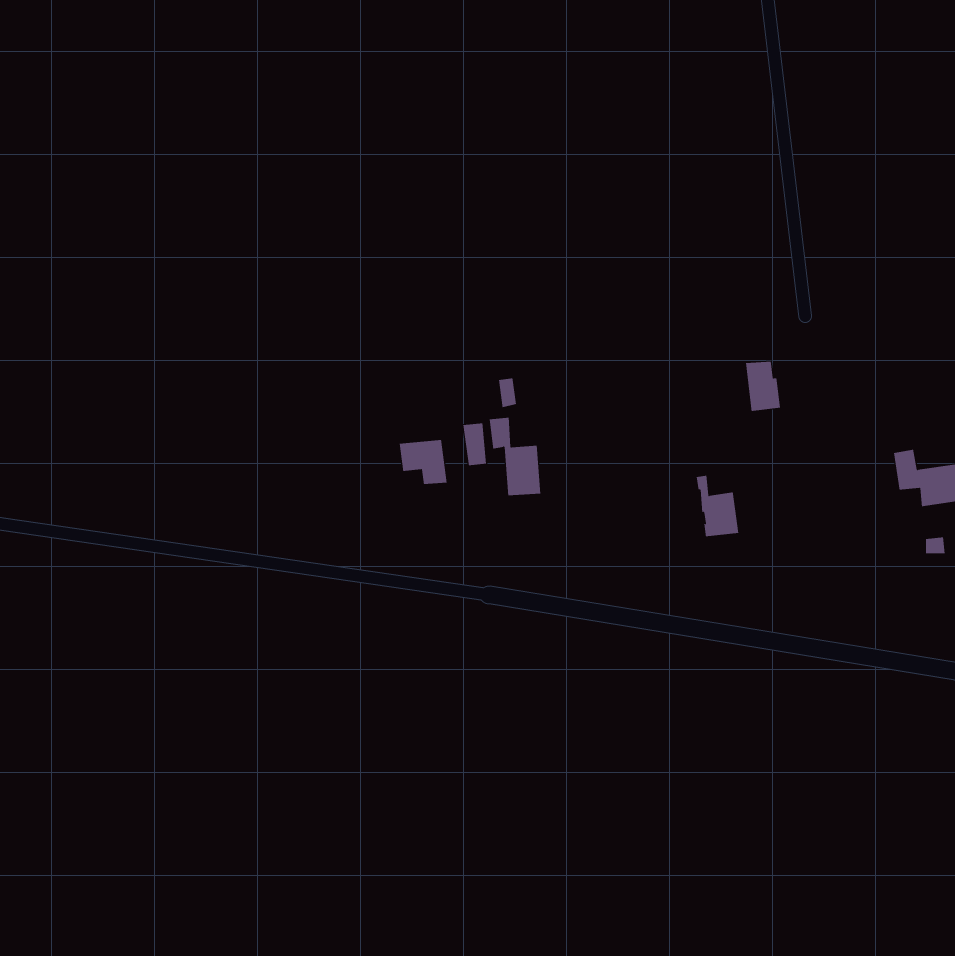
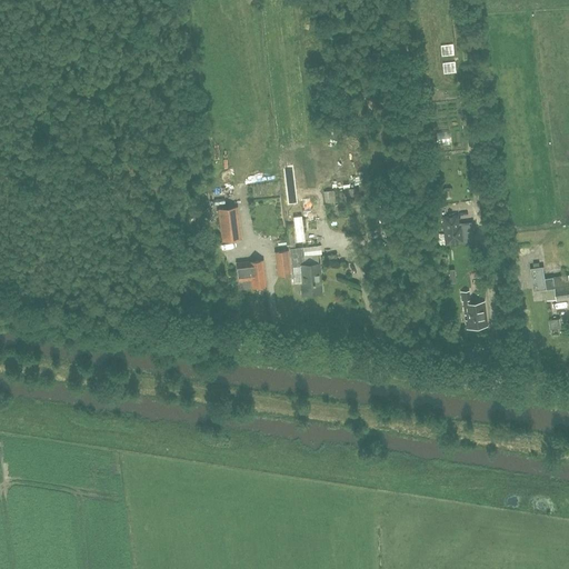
building: none -> [218,207,243,241]
building: [696,475,739,537] -> [462,293,488,330]

